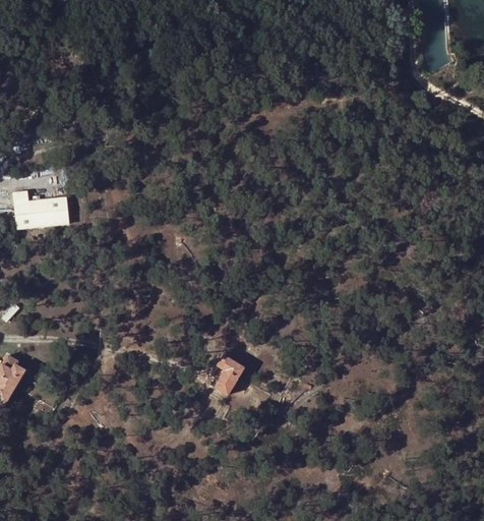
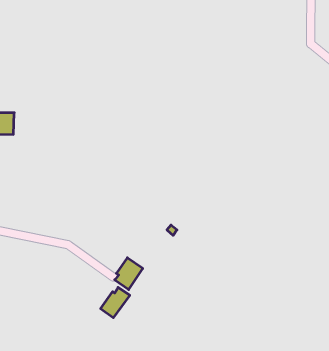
building: none -> [101,287,130,318]

